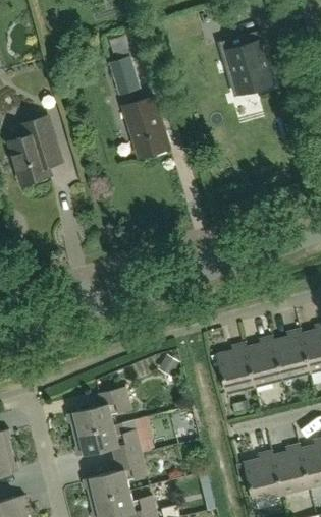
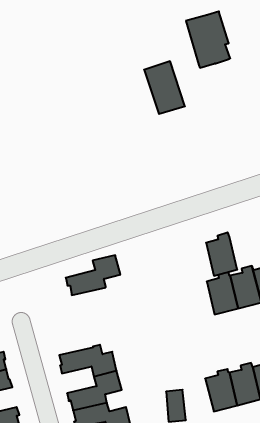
building: [109,57,140,94] -> none
building: [122,96,170,158] -> [144,61,185,114]
building: [8,116,61,183] -> none
building: [219,342,256,393] -> [206,232,237,276]
building: [66,387,130,434] -> [66,255,120,295]

